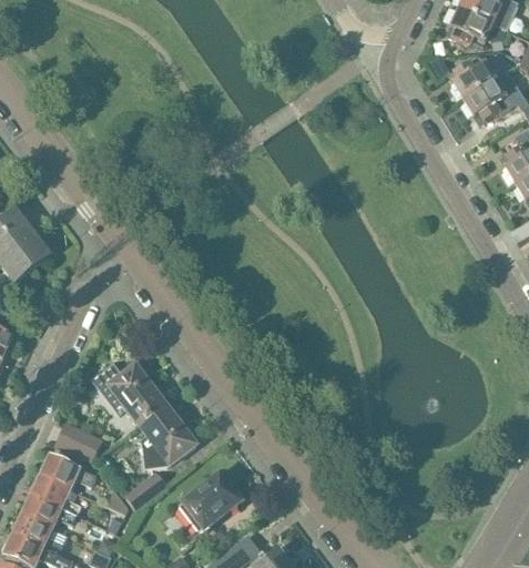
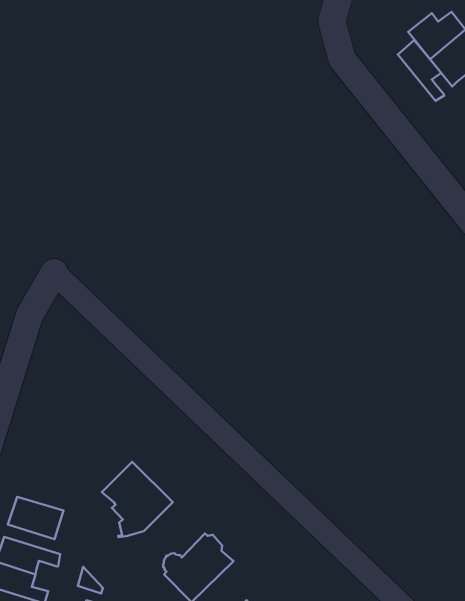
building: none -> [398,40,444,101]
building: [91,364,166,427] -> none
building: [123,469,167,509] -> none

